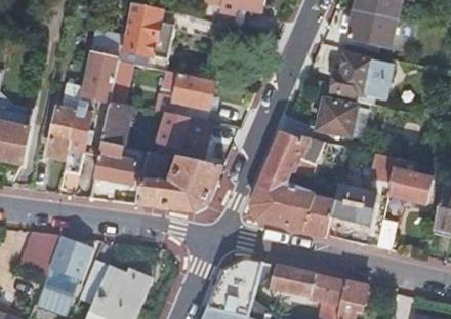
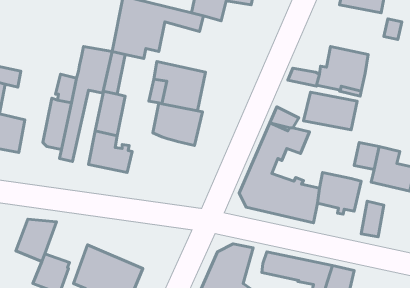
building: [347,11,397,49] -> none
building: [137,152,223,212] -> none
building: [49,236,92,285] -> none

